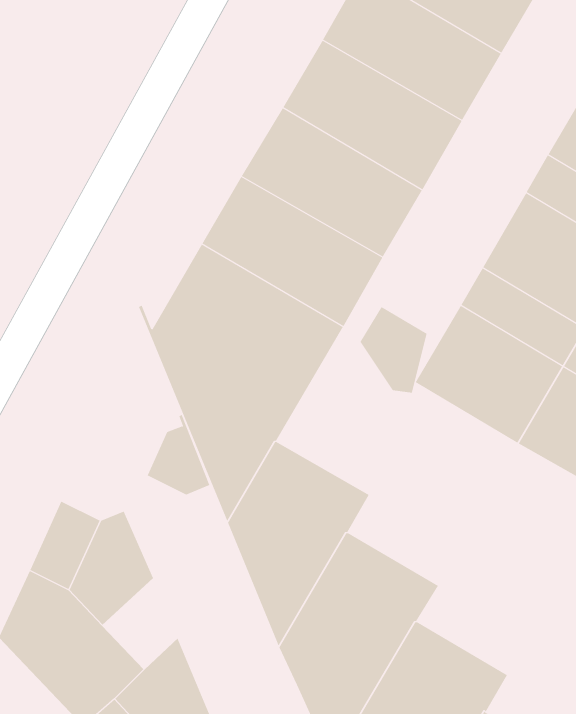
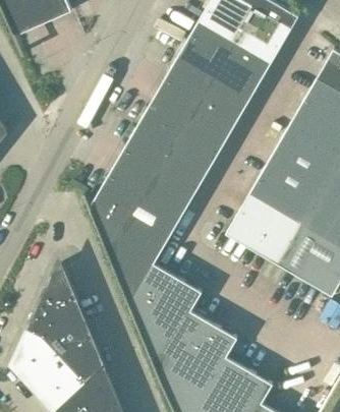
building: [360,306,427,394] -> none
building: [147,414,210,495] -> [43,263,75,305]
building: none -> [64,335,103,381]

